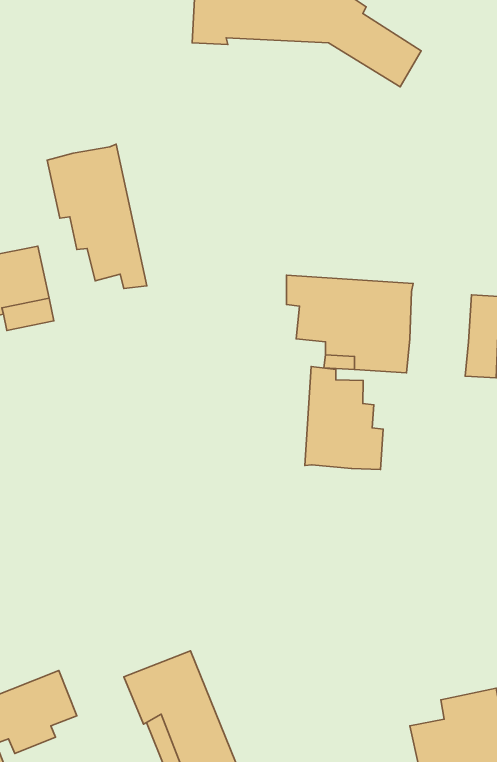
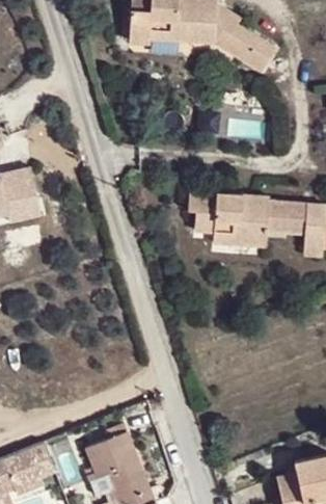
building: [47,144,147,289] -> none
building: none -> [269,202,308,234]
building: [305,366,383,470] -> none

